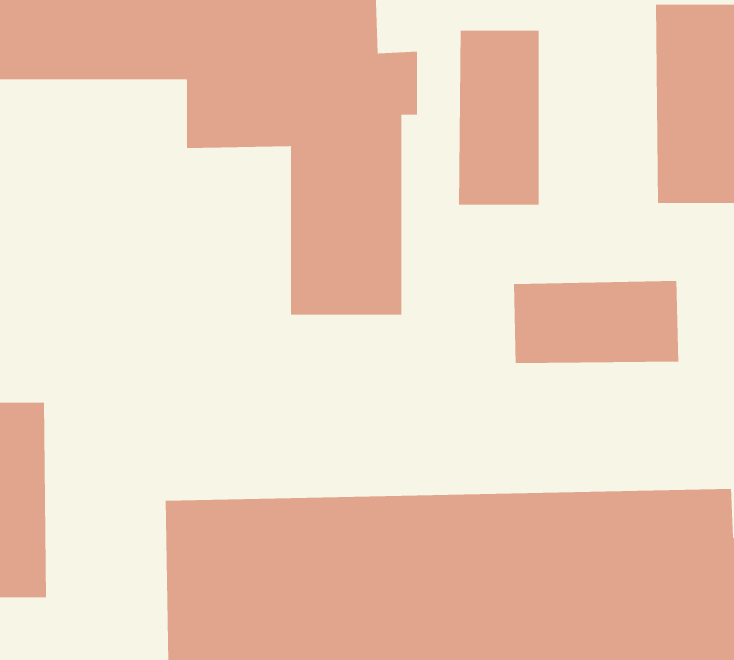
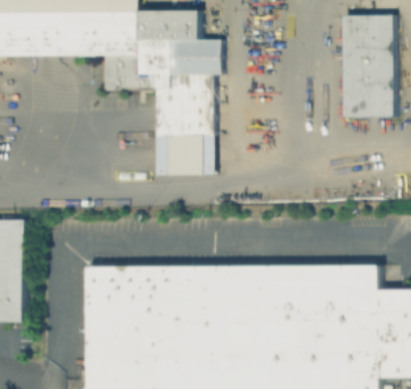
building: [458,30,539,206] -> none
building: [513,280,679,364] -> none

